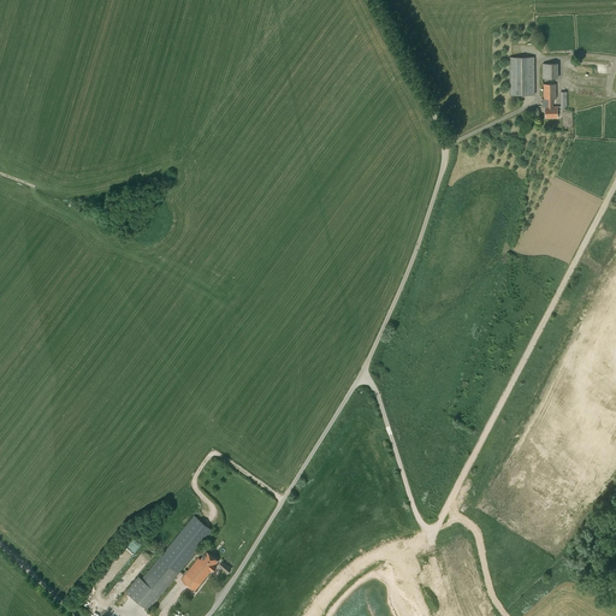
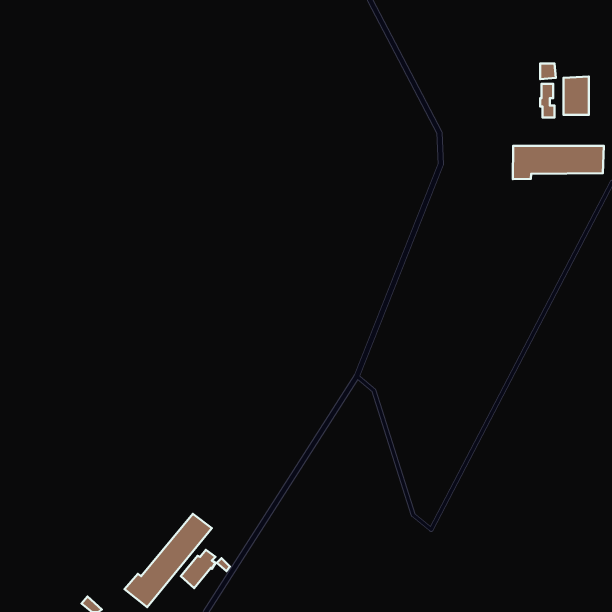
building: [509,57,534,95] -> [564,77,589,115]
building: none -> [513,146,604,179]

